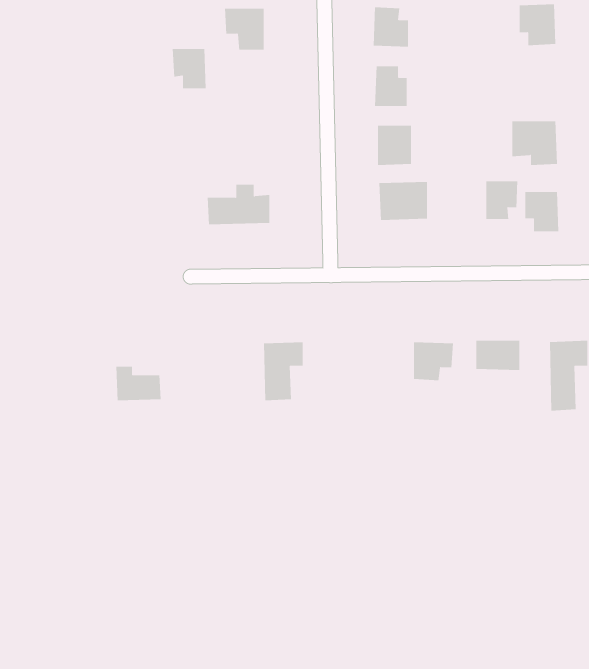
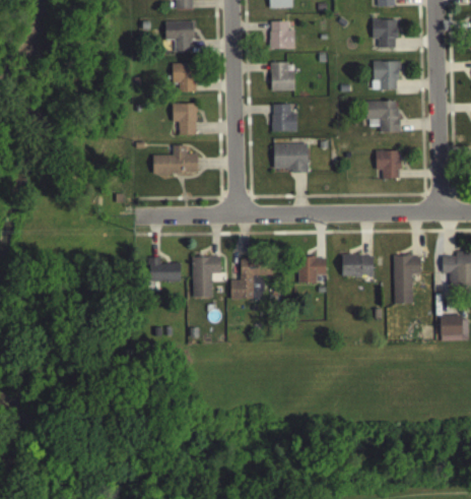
building: [172,48,207,89] -> [173,63,197,91]
building: none -> [374,61,399,88]
building: none -> [173,103,197,135]
building: [486,180,518,220] -> none
building: none -> [230,259,274,299]
building: [115,366,162,401] -> [149,257,182,282]

